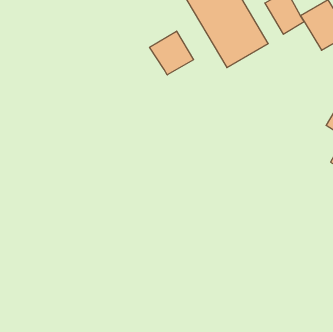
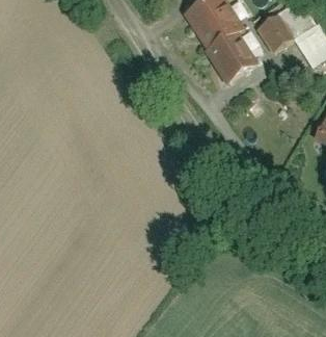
building: [150,31,194,75] -> none

